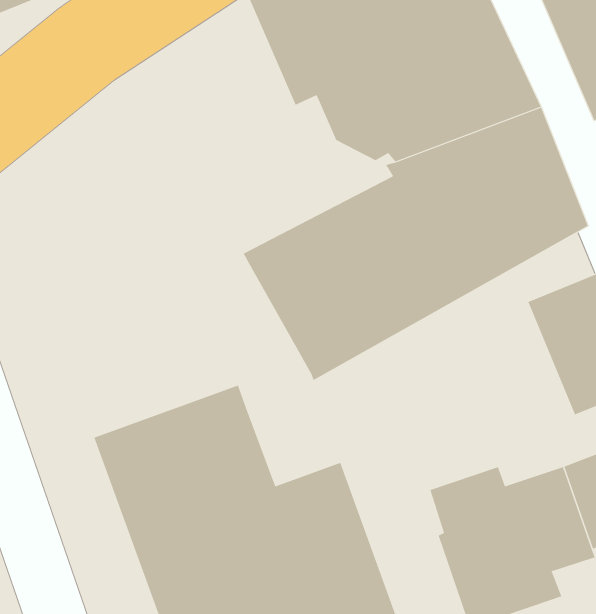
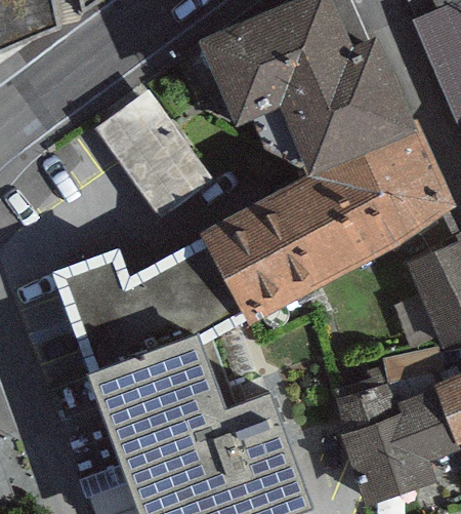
building: none -> [94,94,216,225]
building: none -> [52,237,248,366]

